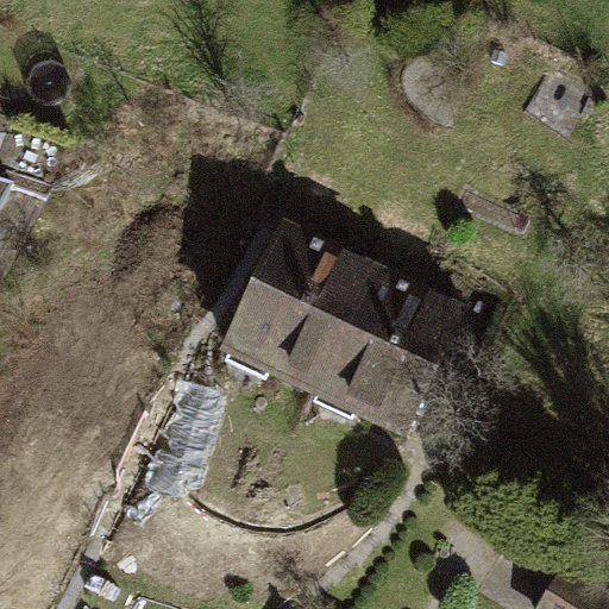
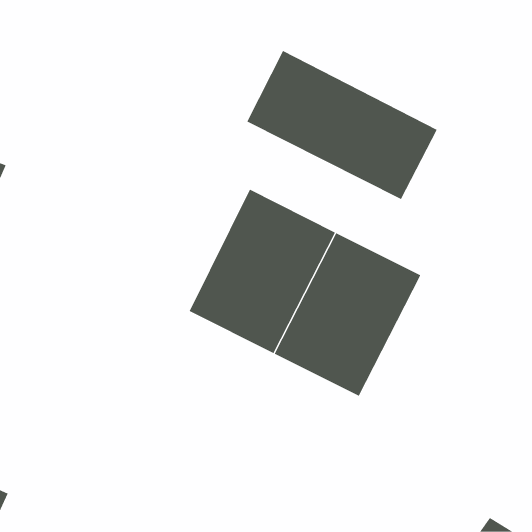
building: none -> [247,50,438,200]

